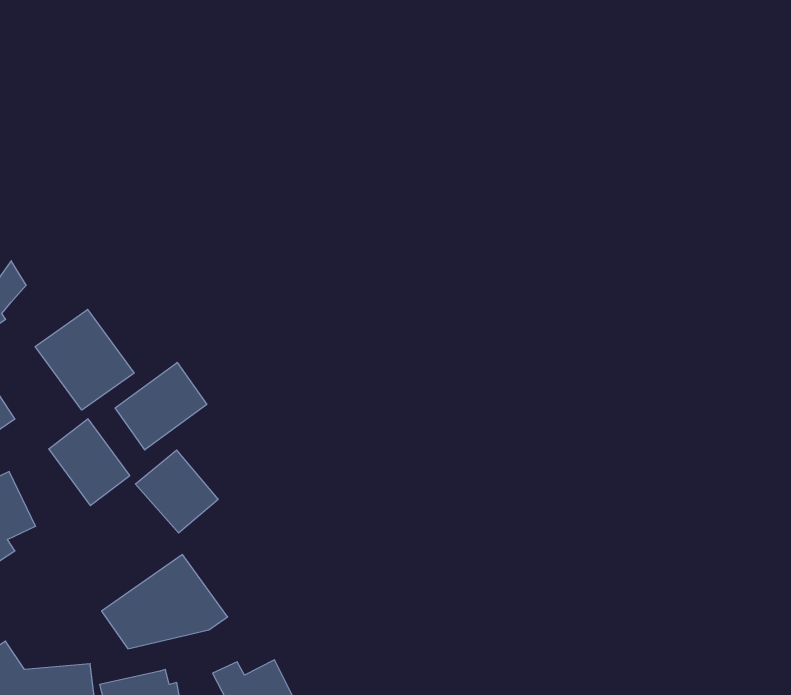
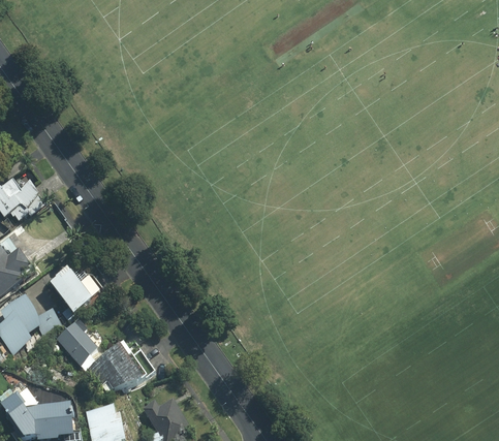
building: [35,309,134,410] -> none
building: [115,362,207,450] -> none
building: [135,450,218,533] -> [53,321,98,367]

